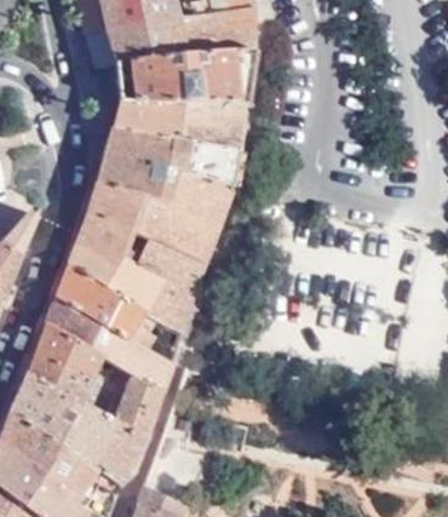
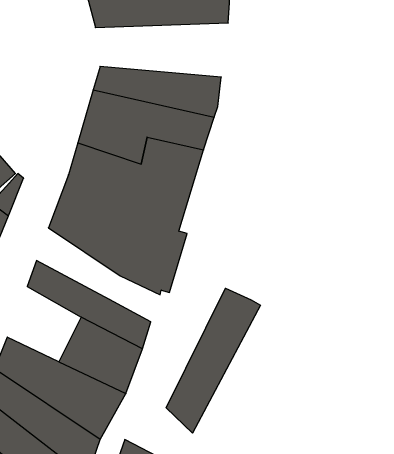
building: [114,57,251,113] -> none
building: [53,268,139,341] -> none
building: [23,328,99,406] -> none
building: none -> [166,288,260,433]

